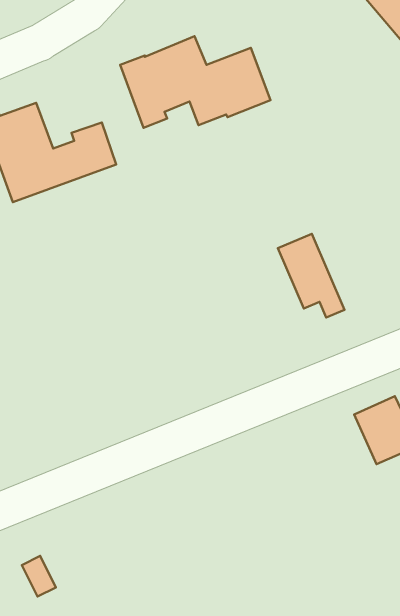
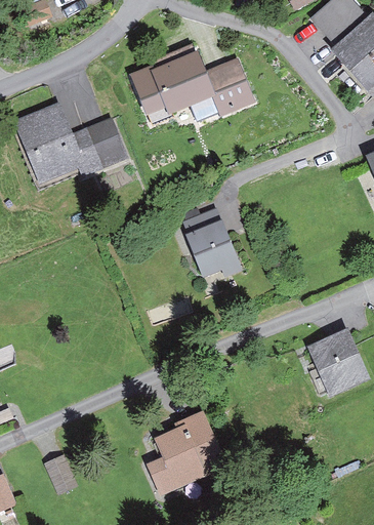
building: [278,234,345,318] -> [190,211,242,277]
building: none -> [153,416,215,491]

